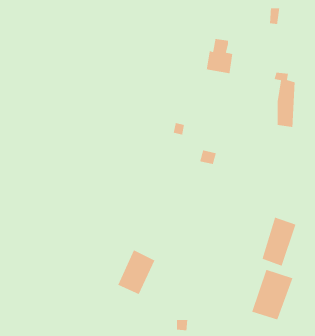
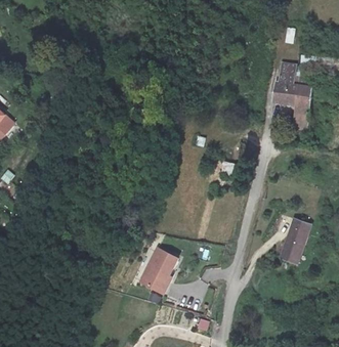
building: [206,38,233,74] -> [267,78,293,112]
building: [251,269,294,320] -> none

